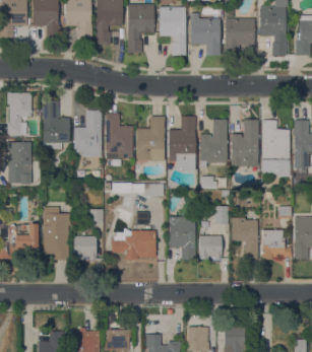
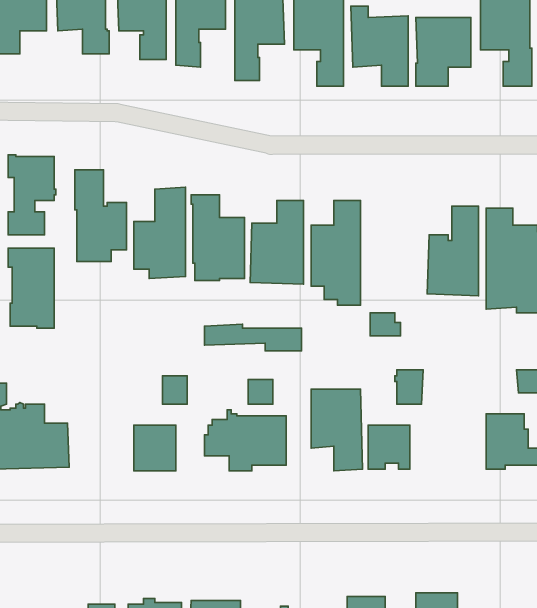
building: [200,120,228,168] -> none
building: [44,207,71,261] -> none
building: [231,218,259,261] -> none

